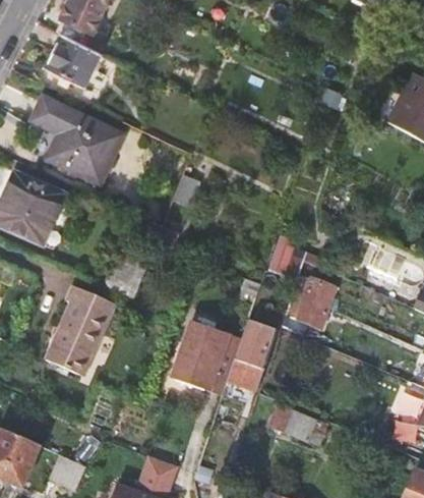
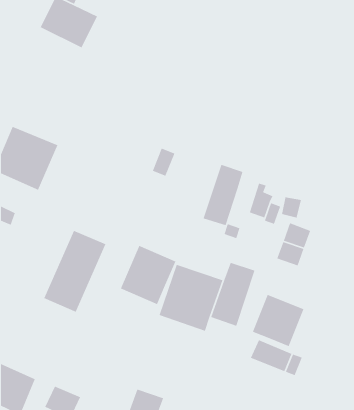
building: [32,98,121,184] -> none
building: none -> [202,164,243,226]
building: none -> [120,245,177,305]
building: none -> [252,294,305,347]

